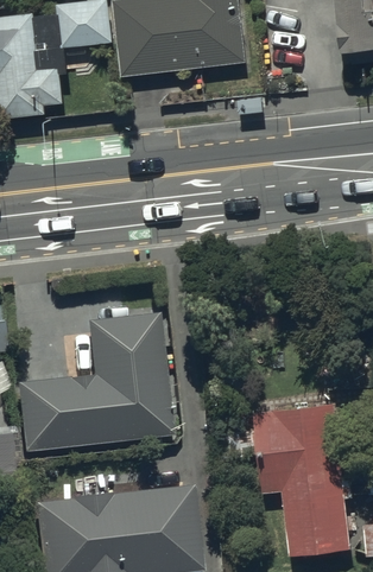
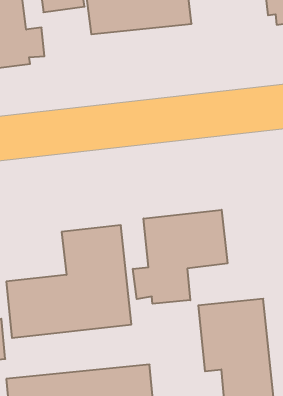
building: none -> [133,210,227,304]

